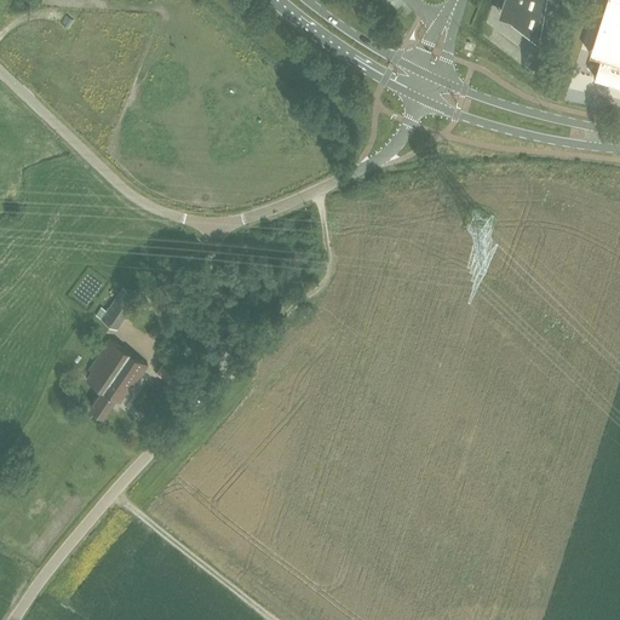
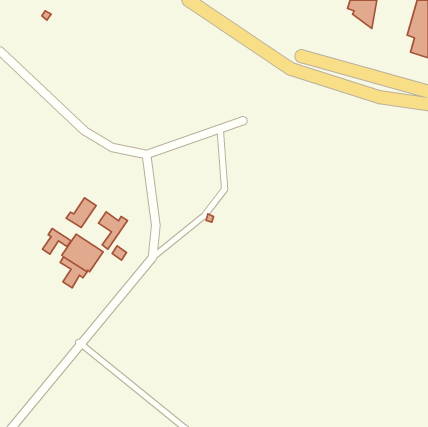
building: none -> [98,212,128,249]
building: none -> [43,229,71,254]

